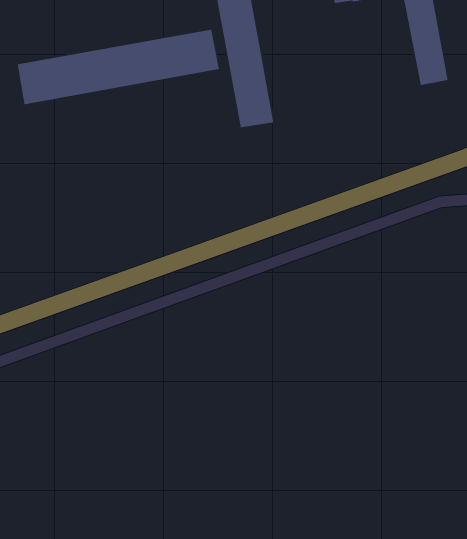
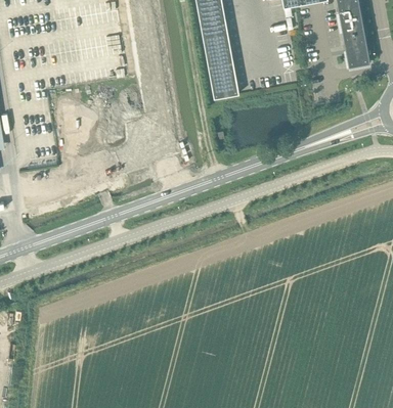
building: [17,29,220,105] -> none

